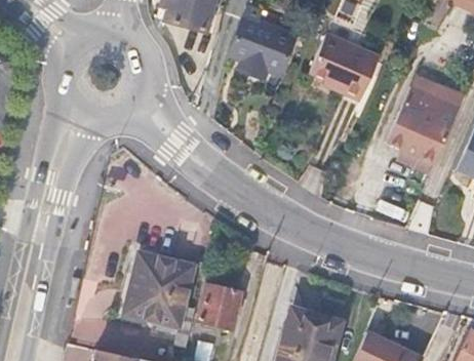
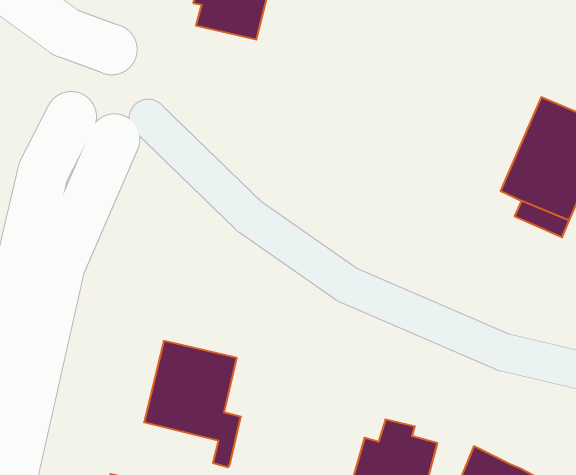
building: [230,15,295,75] -> none
building: [310,37,378,103] -> none
building: [197,284,240,329] -> none

